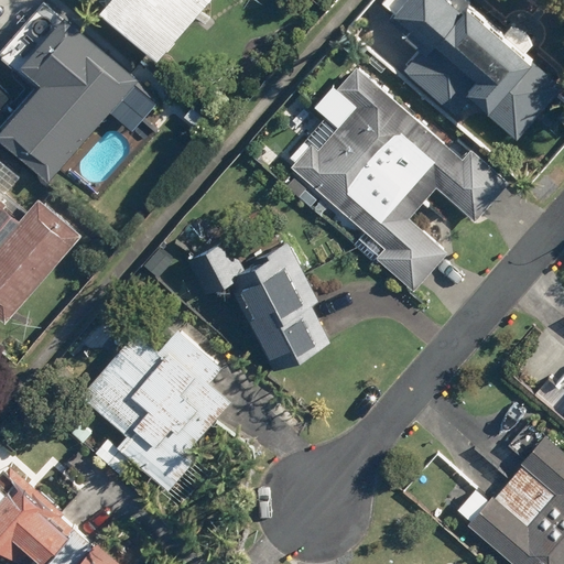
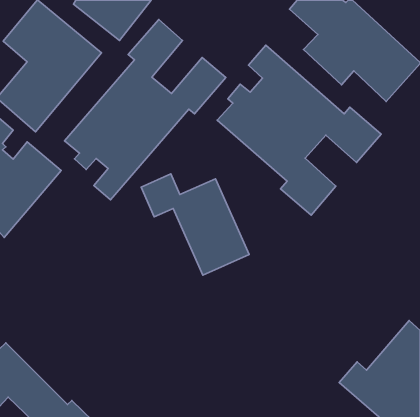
building: none -> [64,19,226,200]
building: [79,329,229,491] -> none

